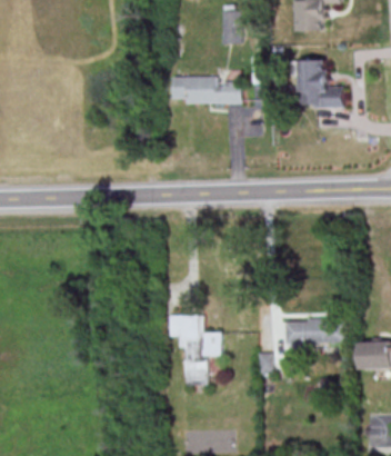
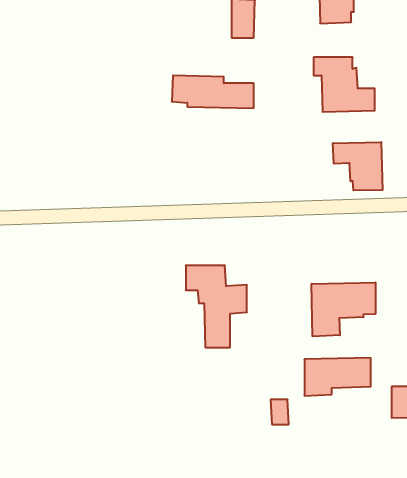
building: none -> [333,142,382,190]
building: none -> [312,282,375,336]
building: [169,315,221,385] -> [186,265,247,347]

